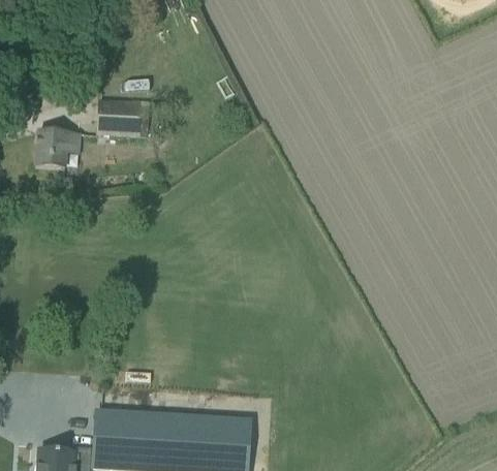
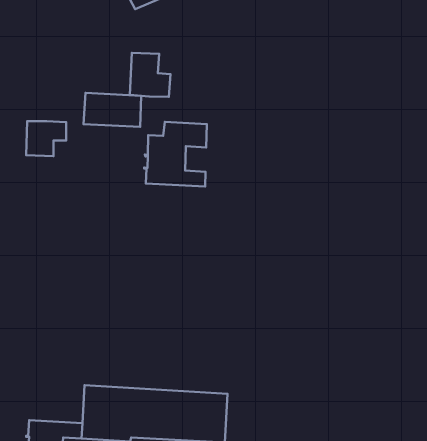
building: none -> [130,53,170,97]
building: none -> [144,122,207,187]

